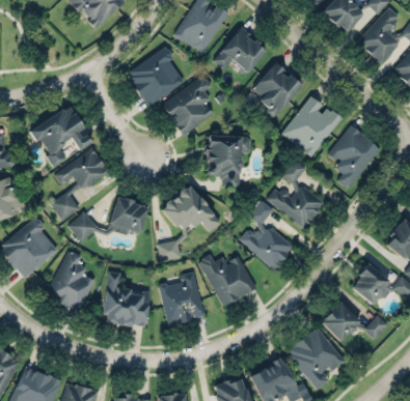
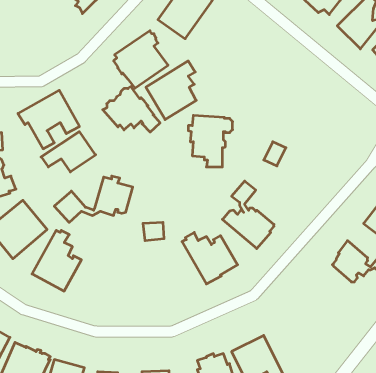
building: [211,25,267,74] -> none
building: [253,62,302,116] -> none
building: [281,96,341,157] -> none
building: [329,125,381,188] -> none
building: [161,184,220,231] -> [103,87,160,132]
building: [267,185,324,229] -> none
building: [51,192,80,221] -> none
building: [103,273,149,328] -> none
building: [159,273,204,326] -> none
building: [320,303,388,344] -> none
building: [286,328,344,391] -> none

